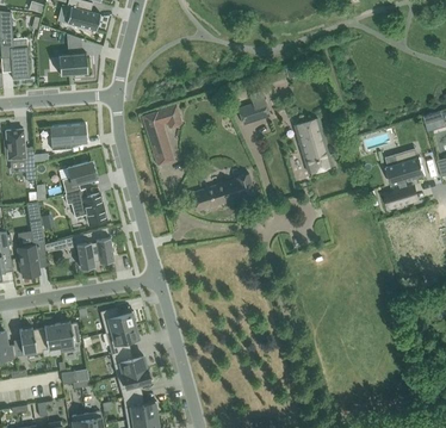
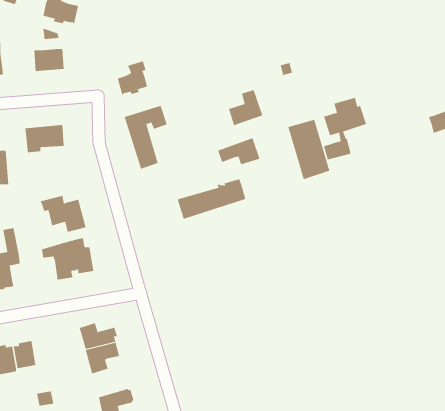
building: none -> [117,60,148,95]
building: none -> [217,137,260,165]
building: [385,150,426,209] -> [323,97,367,160]
building: [62,161,97,194] -> none
building: [57,322,80,353] -> none
building: [112,351,147,377] -> none

